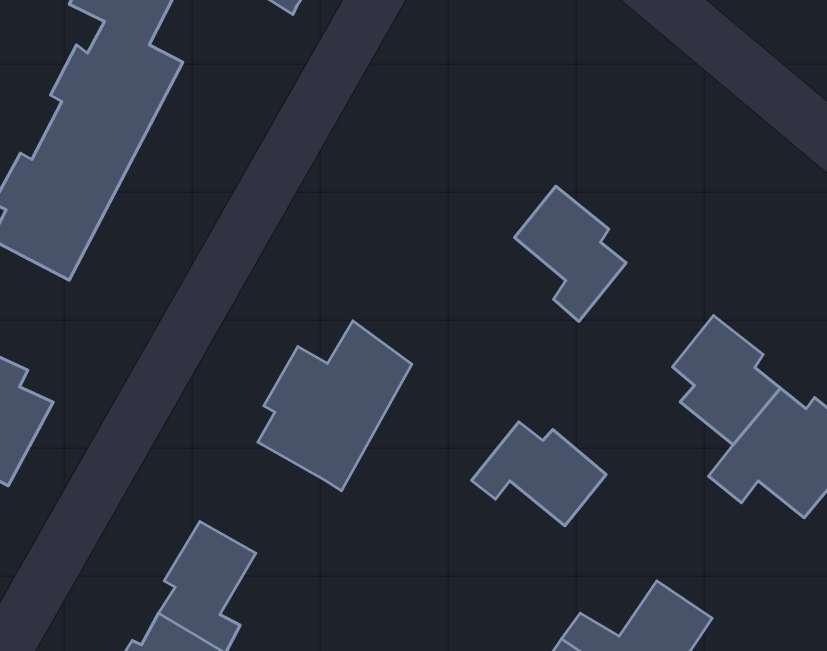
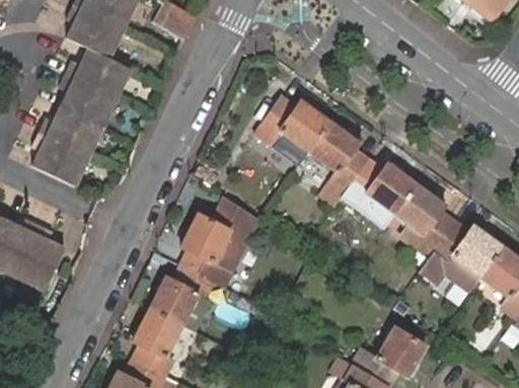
building: none -> [260,97,330,160]
building: [472,422,606,526] -> [347,160,418,214]
building: none -> [152,265,217,324]

